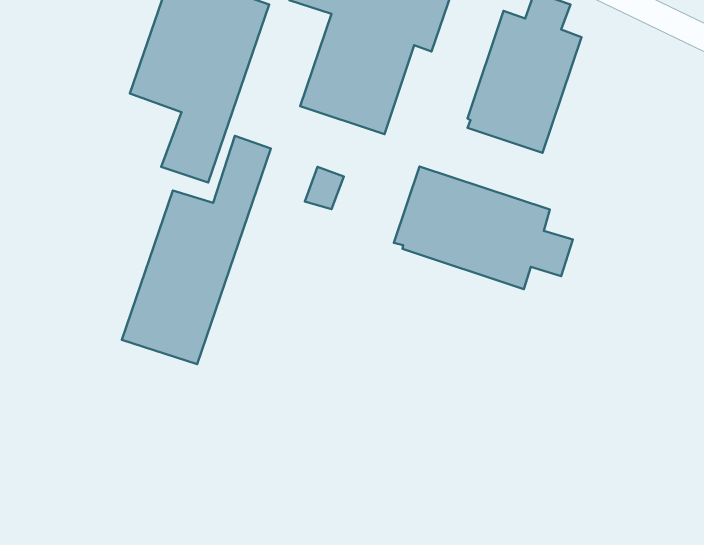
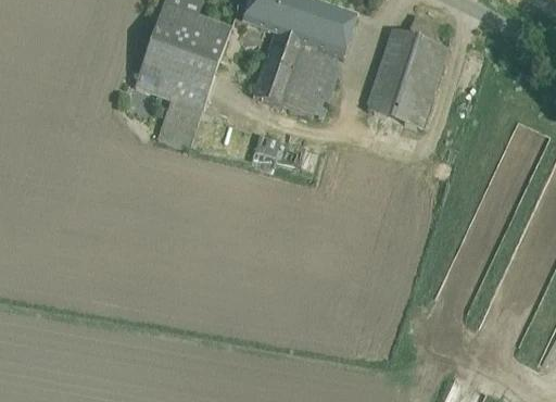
building: [122,136,271,364] -> none
building: [394,167,573,289] -> none

